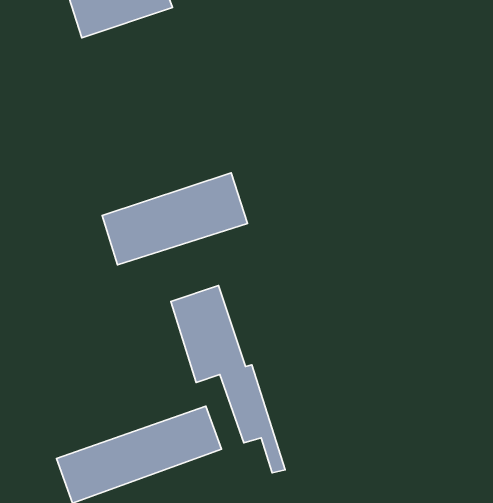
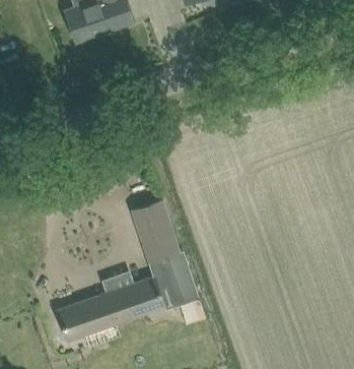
building: [102,173,247,265] -> none

